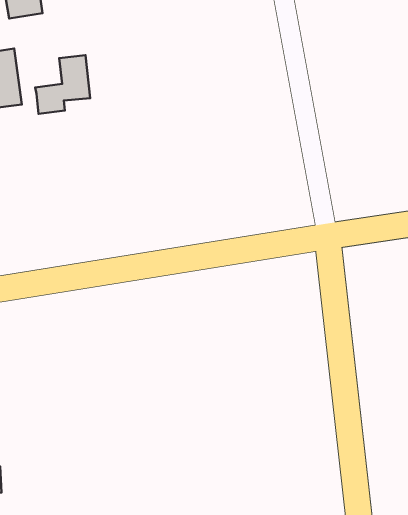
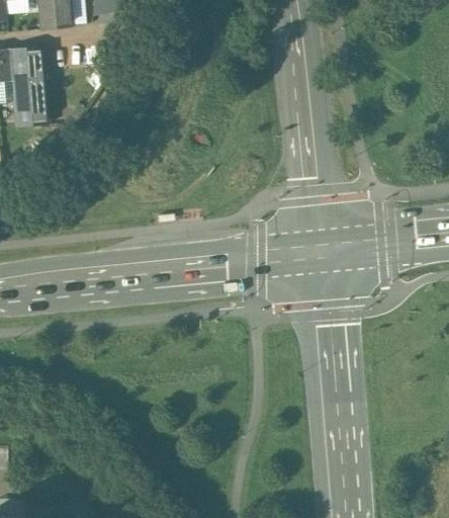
building: [35,55,90,114] -> none

